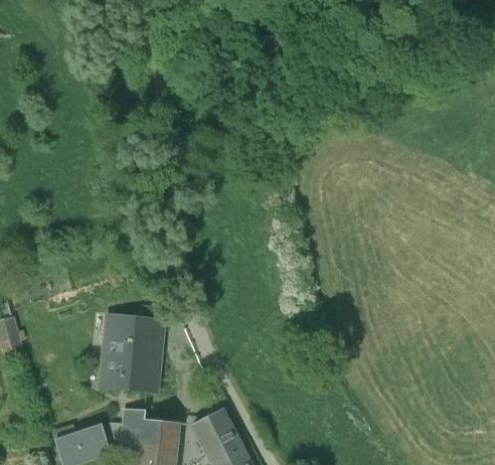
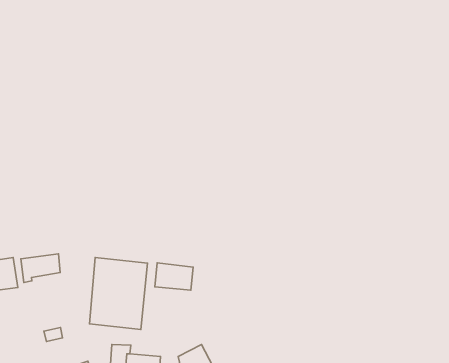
building: none -> [21,254,60,282]
building: none -> [155,263,193,290]

